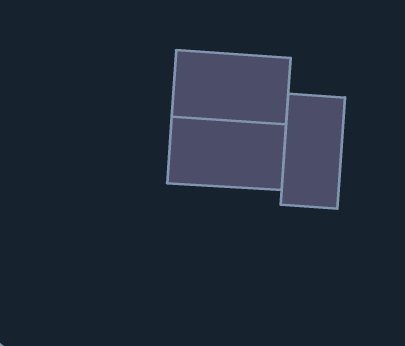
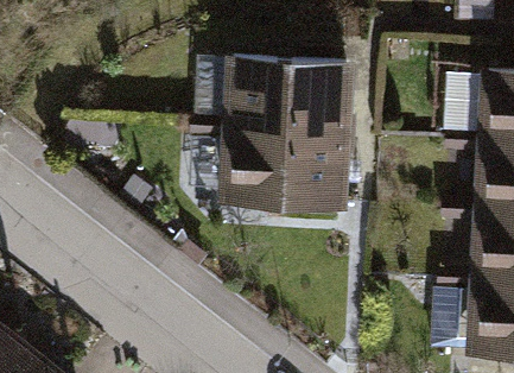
building: [281,93,345,209] -> none

